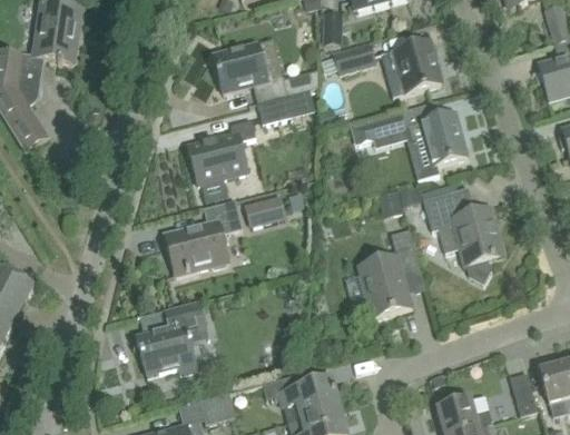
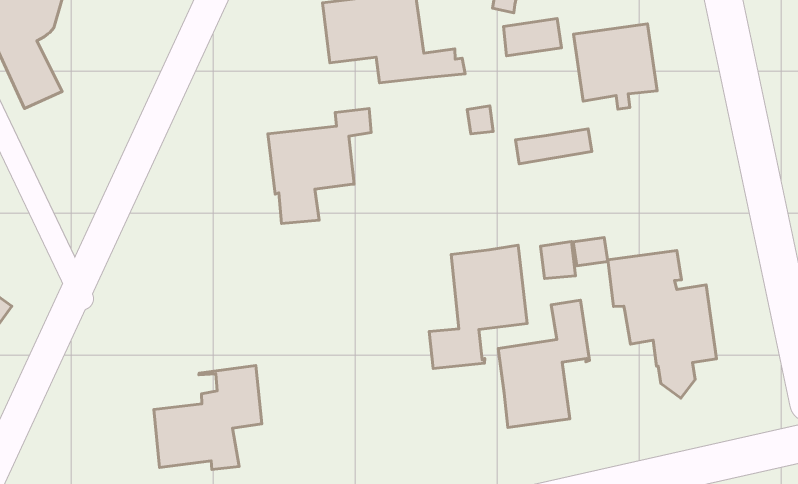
building: [257,95,294,125] -> none
building: [406,112,466,167] -> none
building: [244,195,286,228] -> none
building: none -> [429,245,527,369]
building: [165,200,243,275] -> none

